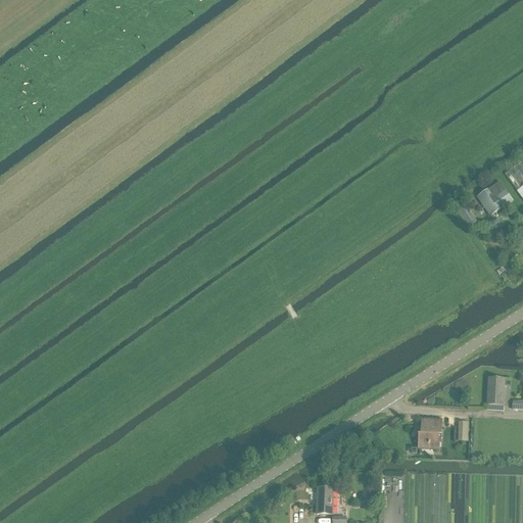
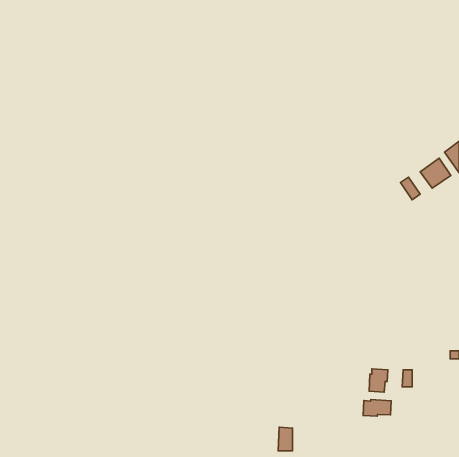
building: [487,376,504,402] -> none
building: none -> [363,400,391,416]

